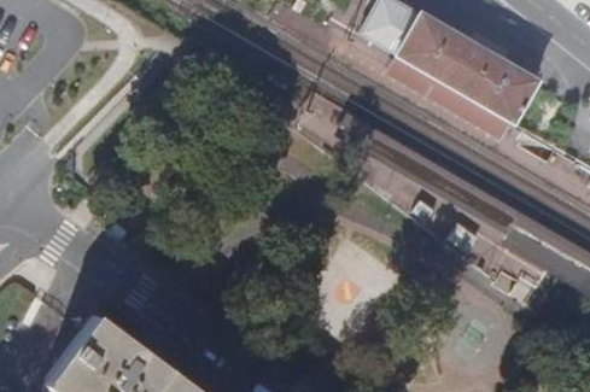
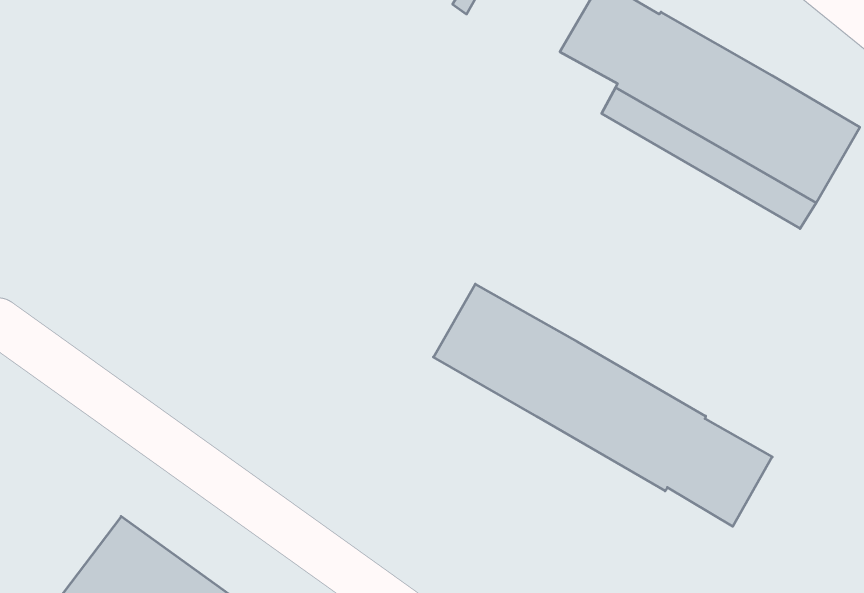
building: none -> [433,284,772,526]

